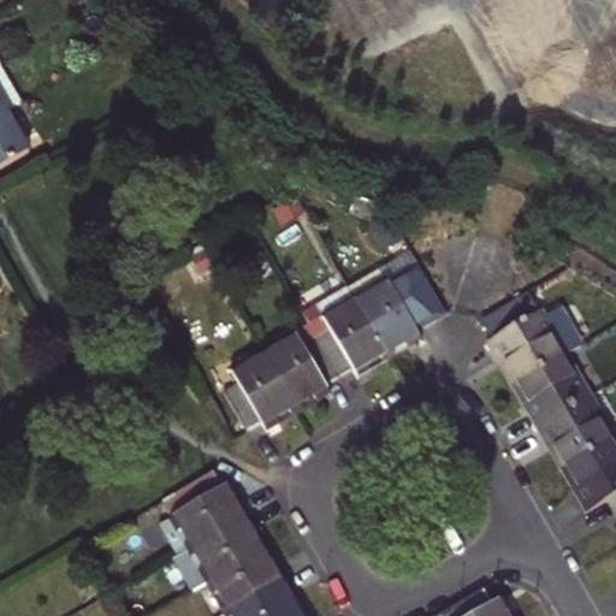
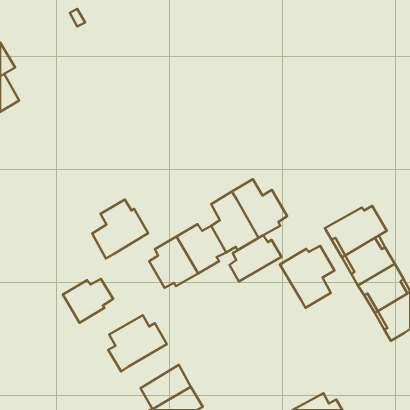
building: none -> [92,199,148,258]
building: none -> [229,235,282,281]
building: none -> [280,246,334,308]
building: none -> [63,279,113,323]
building: [192,515,268,581] -> none

